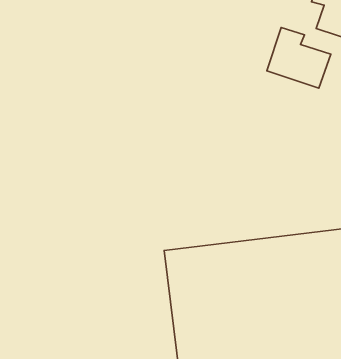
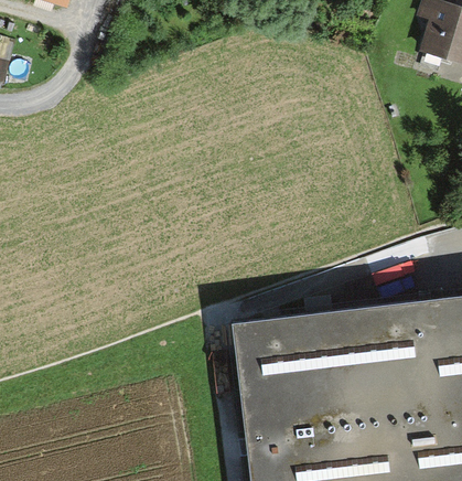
building: [267,27,331,88] -> none

